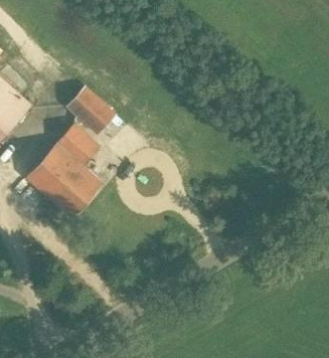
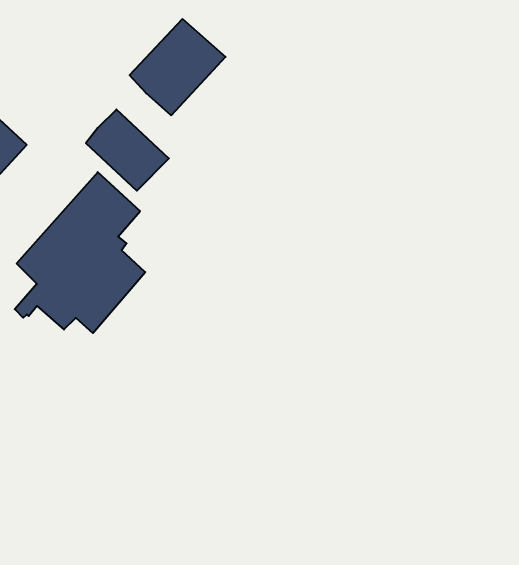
building: none -> [130,19,226,115]

